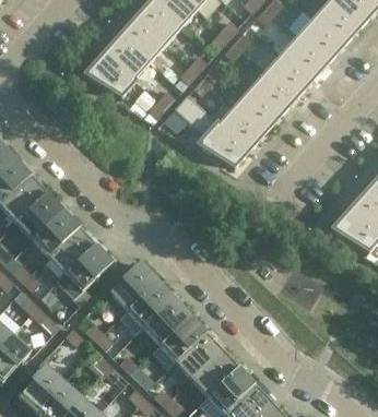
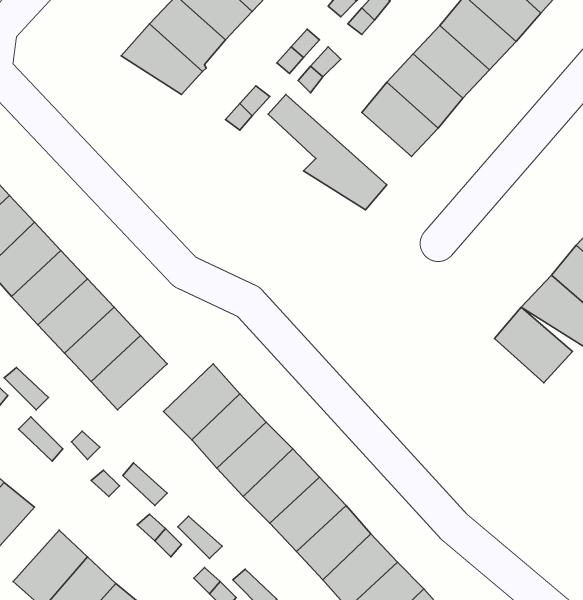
building: [186,94,263,152] -> none
building: none -> [494,307,572,383]

